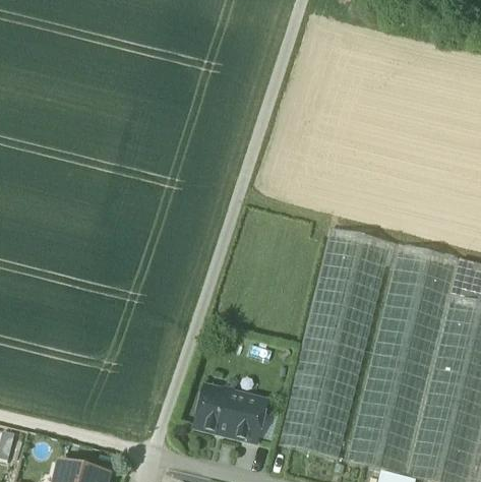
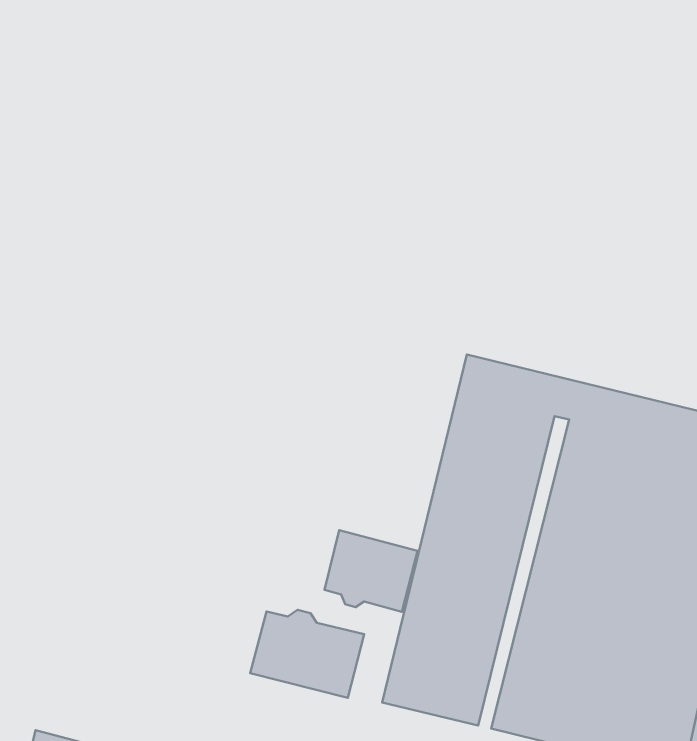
building: none -> [324,530,418,612]

